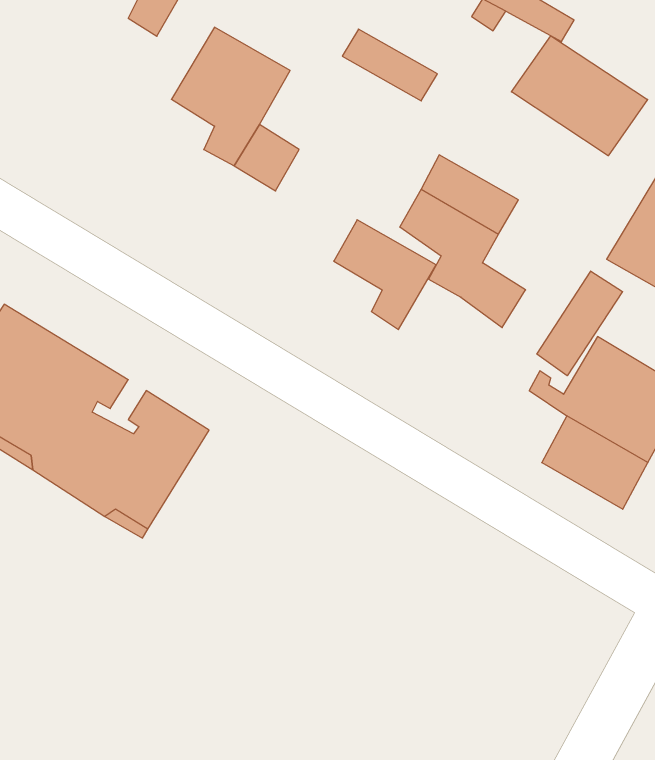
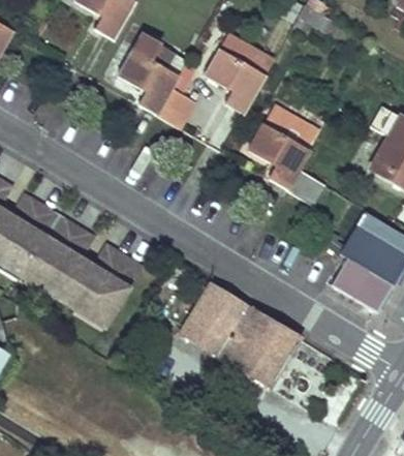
building: [511,36,648,156] -> none
building: [334,220,436,330] -> [205,51,263,114]
building: [537,271,623,376] -> none
building: none -> [176,278,300,385]

